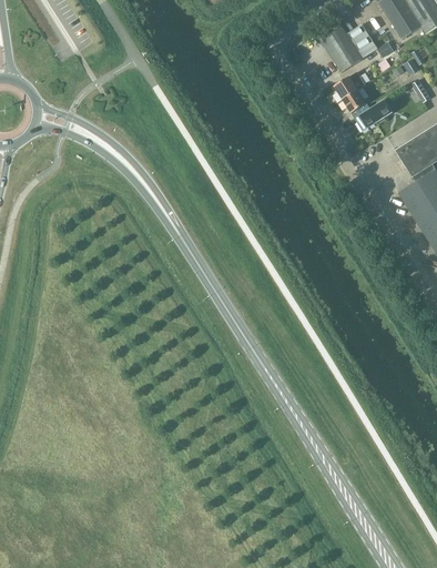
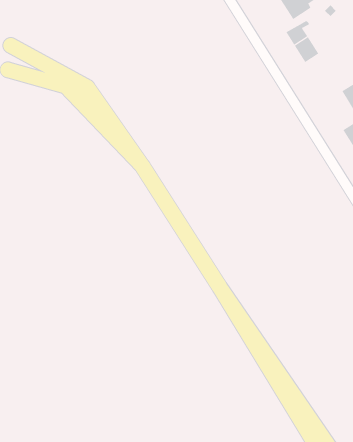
building: [355,100,392,131] -> none

